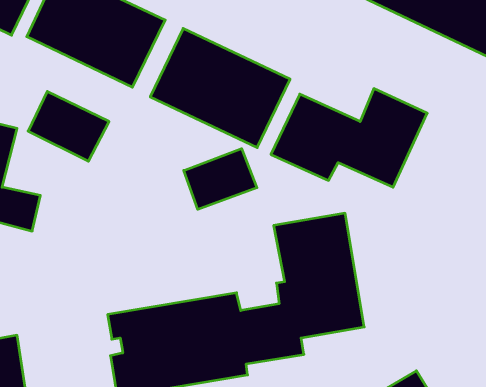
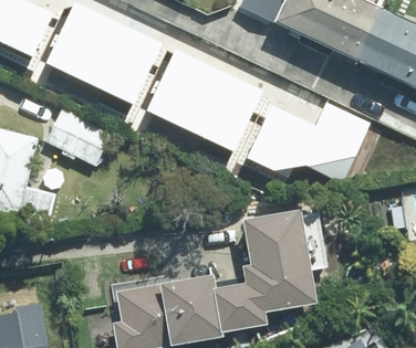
building: [184,149,257,209] -> none

